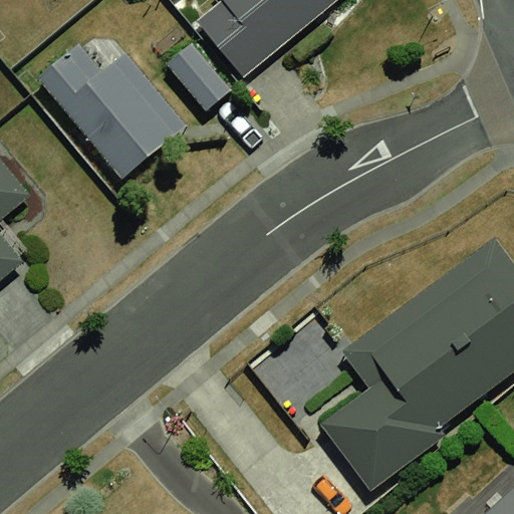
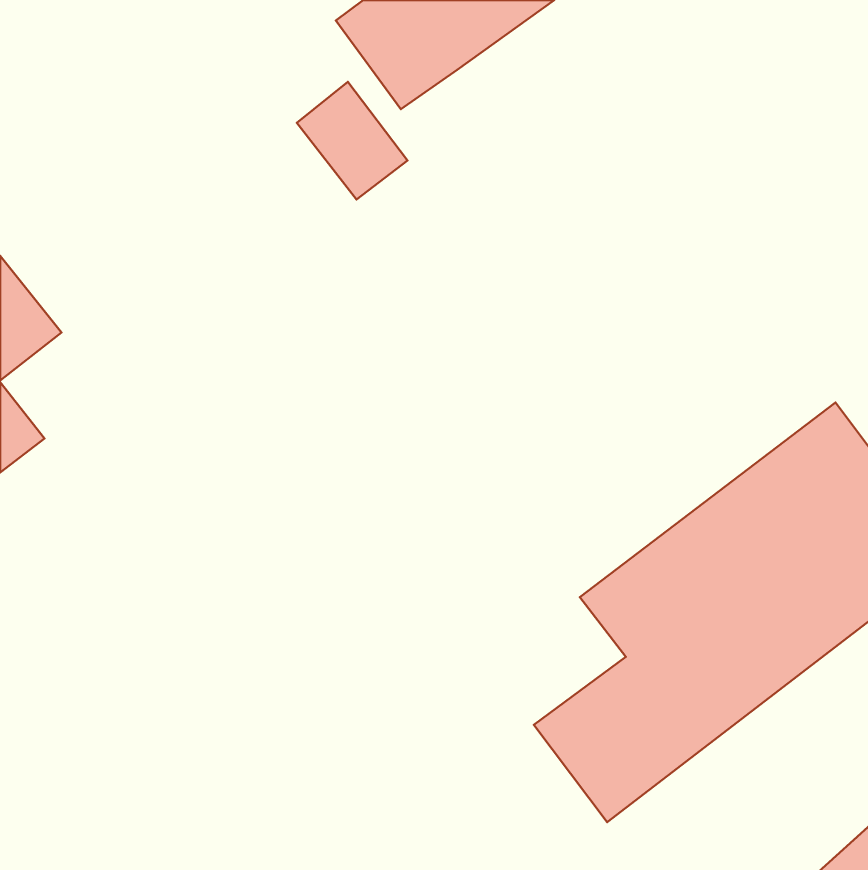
building: [36,25,196,194] -> none

